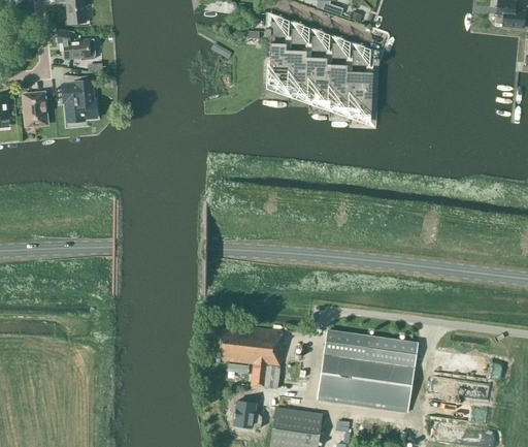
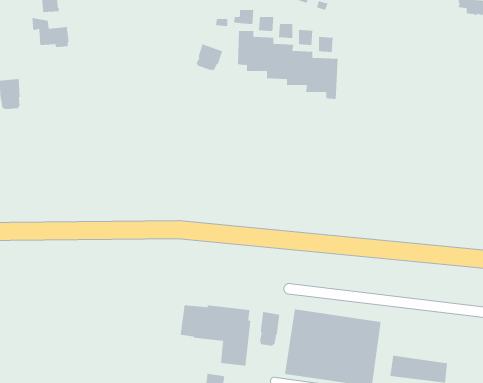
building: none -> [196,43,223,71]
building: [63,75,97,122] -> none
building: none -> [260,311,280,347]

